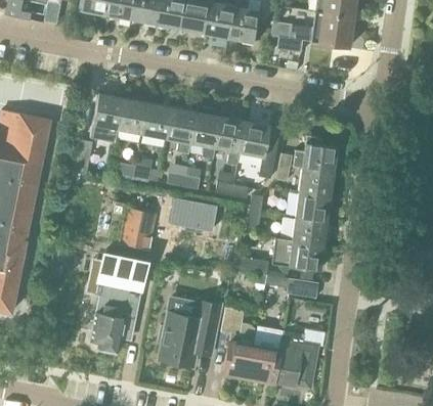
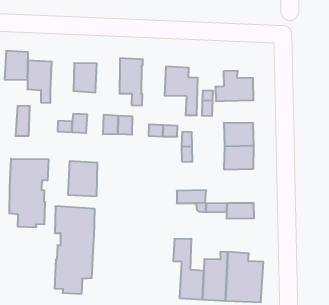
building: [116,98,145,133] -> [5,51,28,80]
building: [164,107,194,154] -> none
building: [213,117,244,166] -> none
building: [297,168,333,196] -> none
building: none -> [9,159,49,227]
building: [168,199,215,232] -> none
building: [270,237,321,271] -> none
building: [157,300,220,366] -> none

